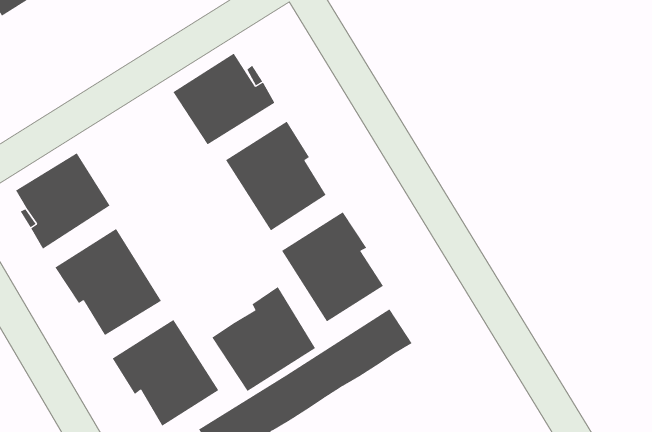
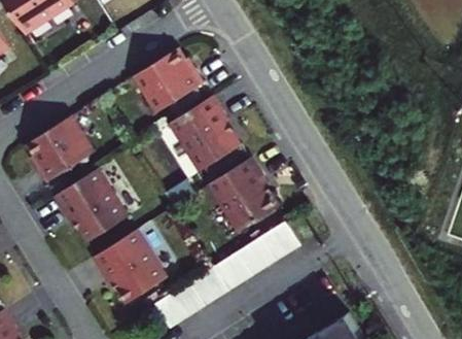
building: [212,286,316,392] -> none

